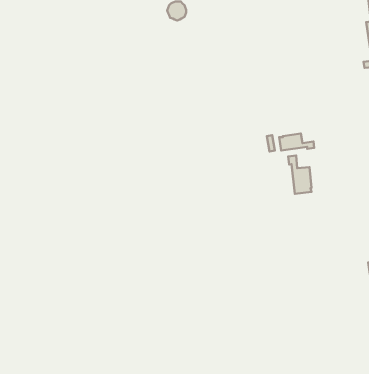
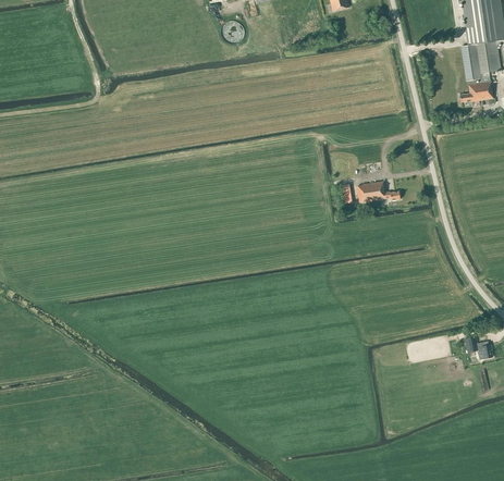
building: [288,156,311,194] -> none

